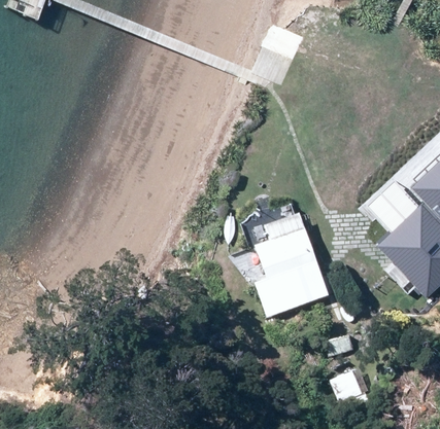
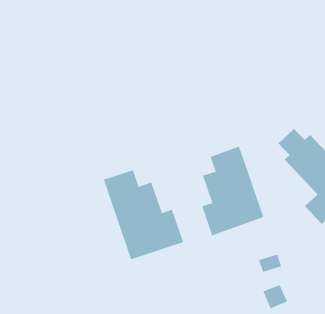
building: none -> [103,170,184,260]

